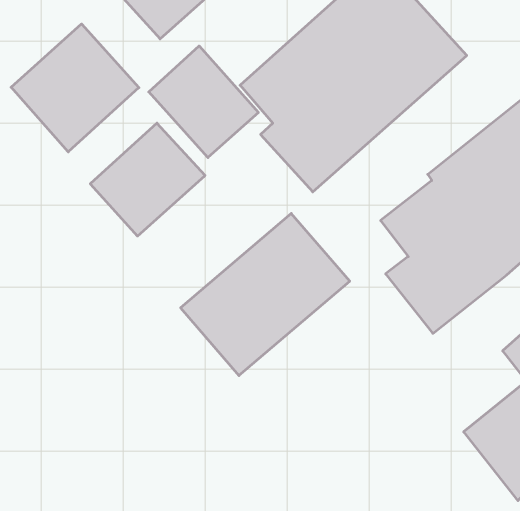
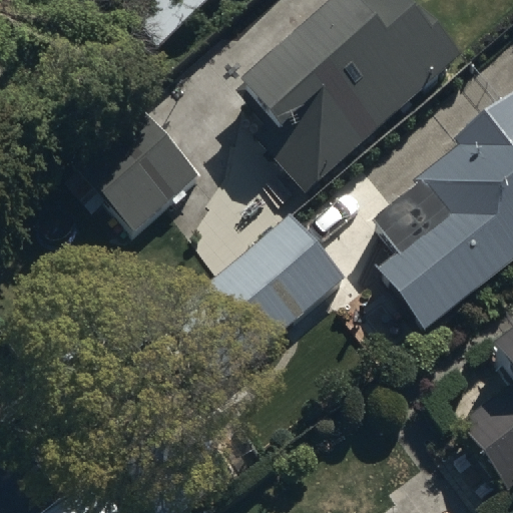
building: [11,24,139,152] -> none
building: [149,46,258,158] -> none

